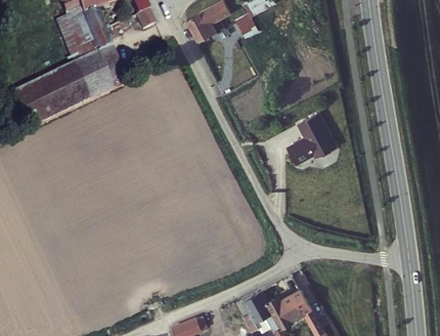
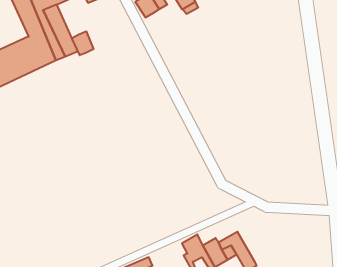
building: none -> [72,31,93,55]
building: [288,116,340,169] -> none

